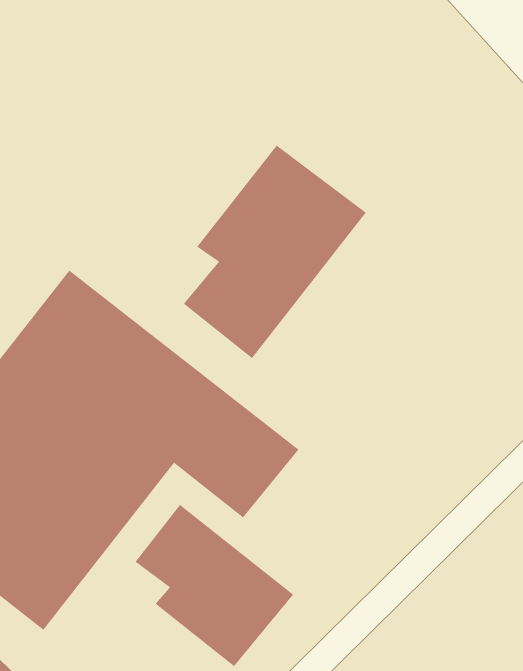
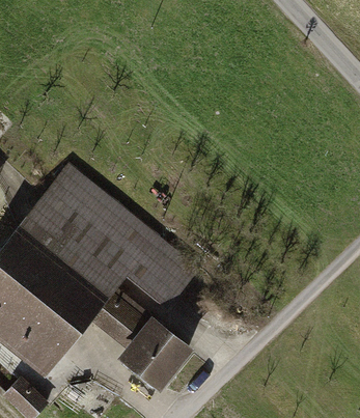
building: [183,144,367,359] -> none

